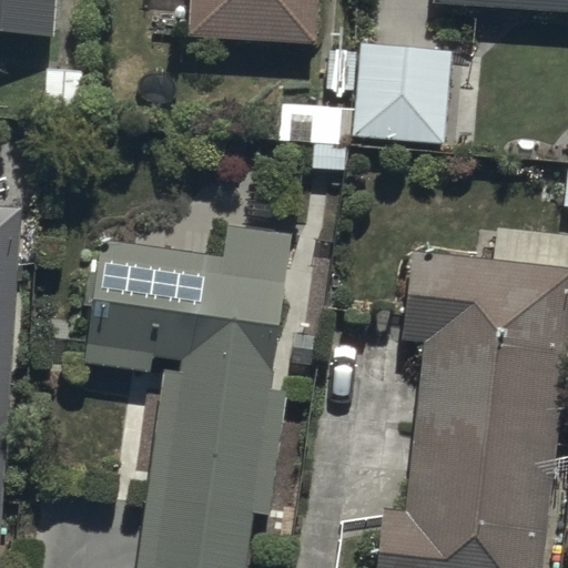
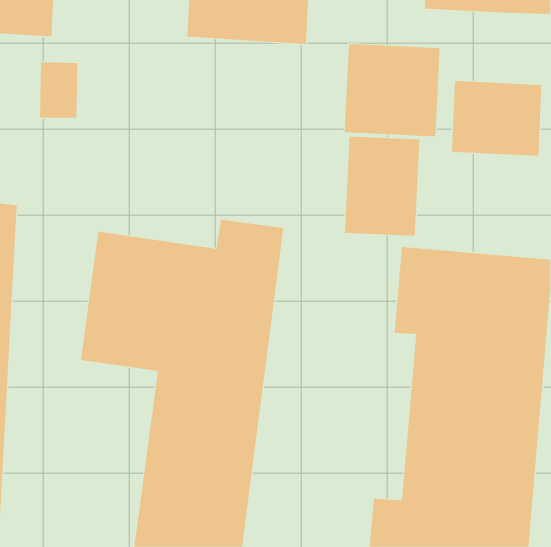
building: none -> [451,80,542,157]
building: none -> [344,136,420,237]

